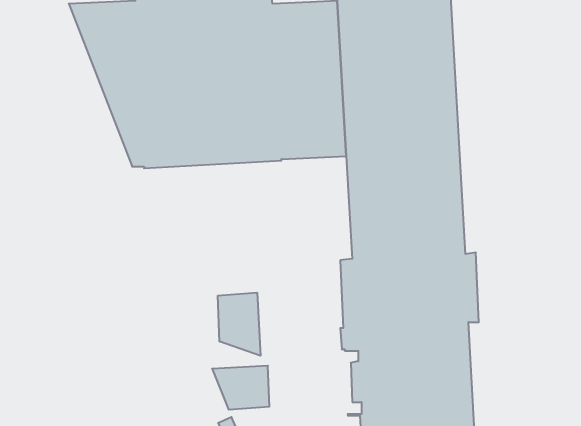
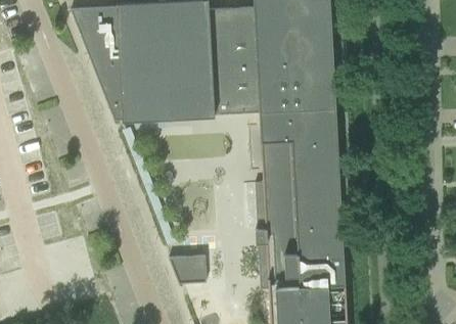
building: [218,293,260,356] -> none

